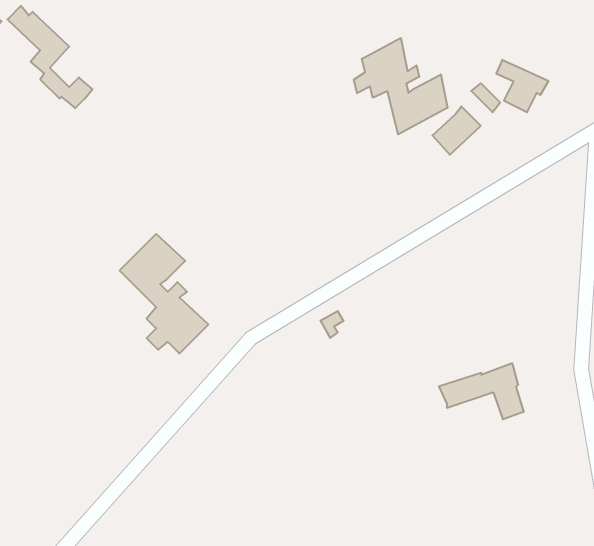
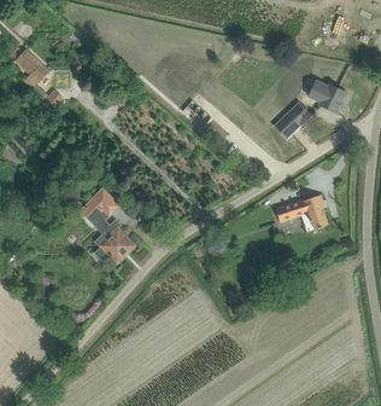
building: [354,38,448,134] -> none
building: [439,363,524,419] -> [275,193,328,228]

